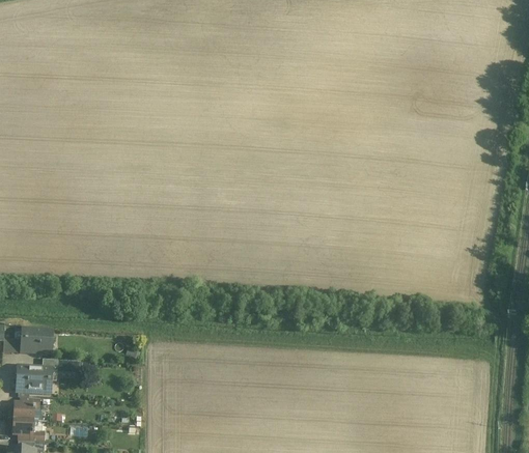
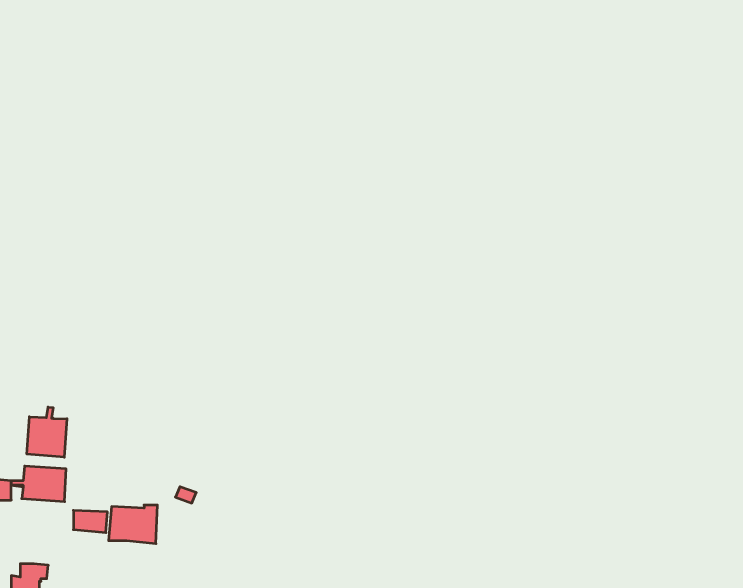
building: none -> [27,407,67,457]
building: [17,367,51,394] -> [109,505,157,544]

